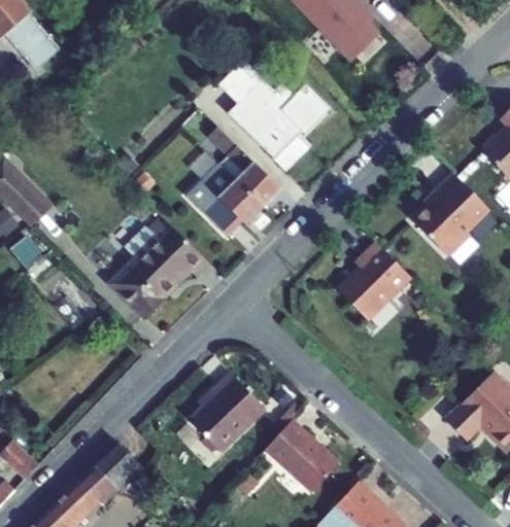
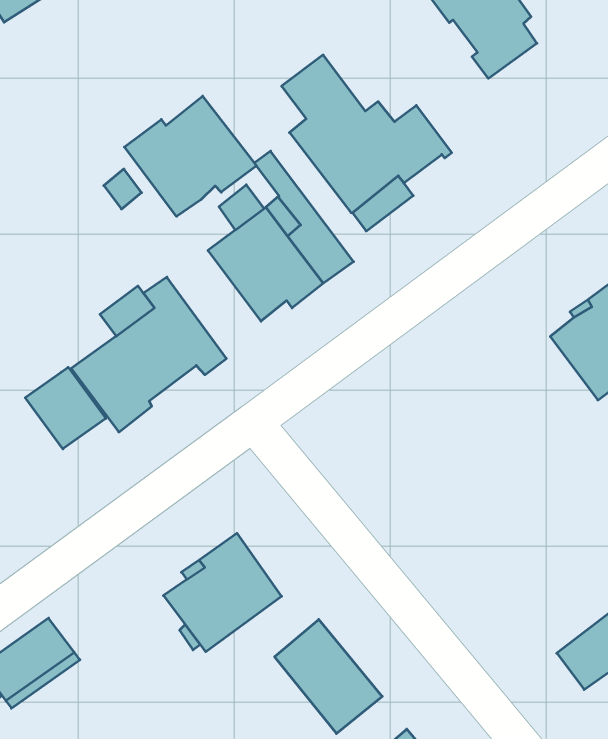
building: none -> [124,96,256,216]
building: [337,241,411,319] -> none
building: none -> [25,367,106,449]

